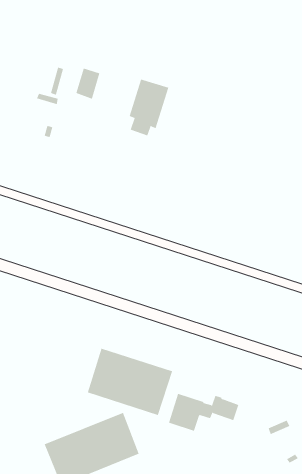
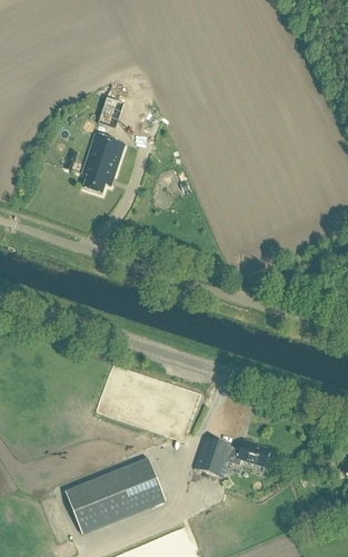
building: [129,79,169,136] -> [82,133,125,193]
building: [87,348,173,416] -> none

